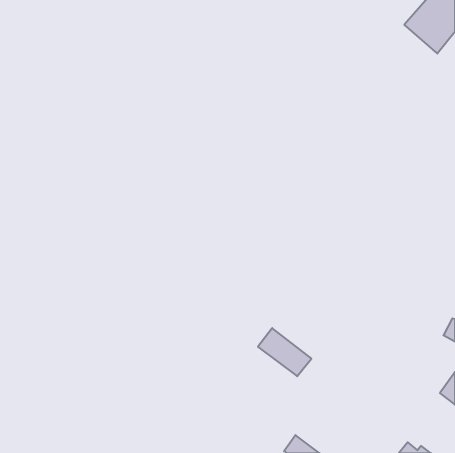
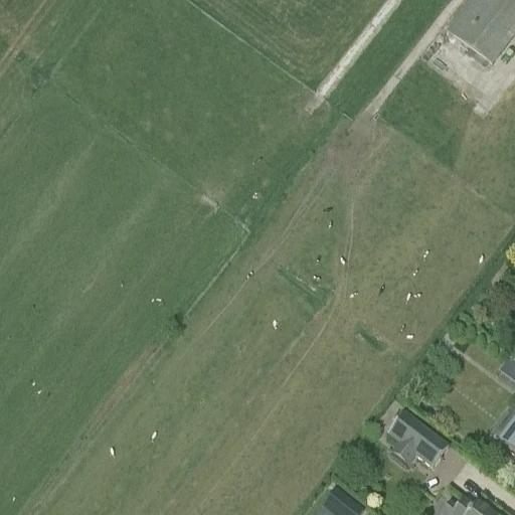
building: [258,328,311,376] -> [386,414,447,469]

